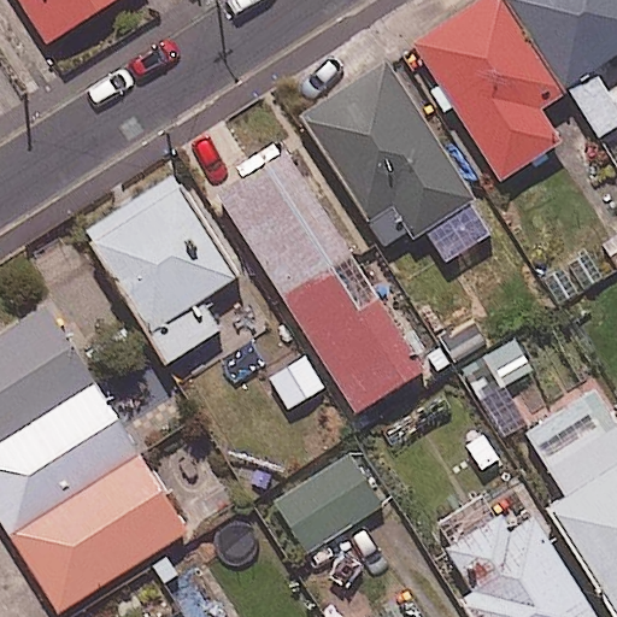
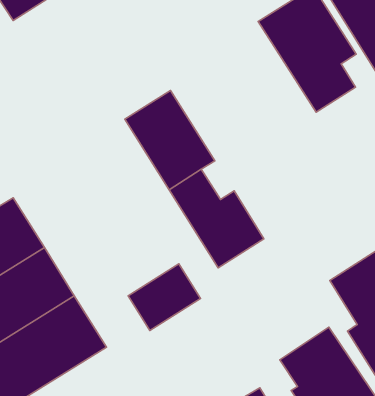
building: [302,63,474,252] -> none
building: [86,174,236,362] -> none
building: [274,453,382,553] -> [128,264,201,330]

